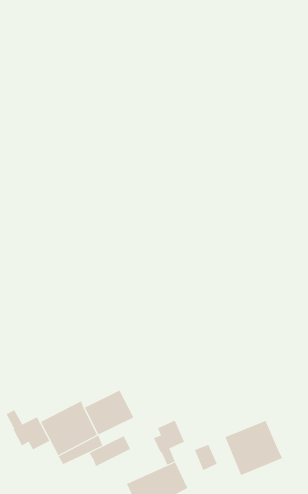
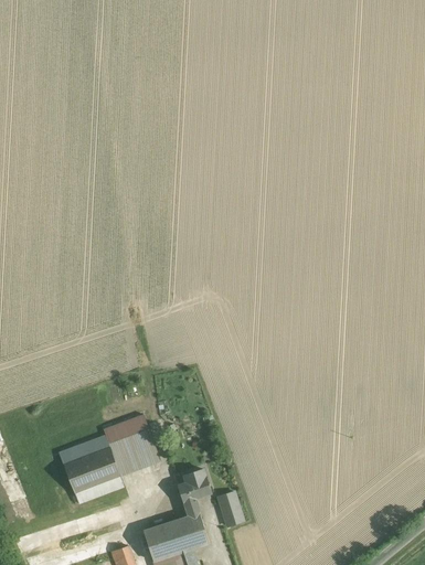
building: [6,409,50,450] -> none
building: [224,420,283,476] -> none
building: [89,435,131,467] -> [103,414,148,444]

